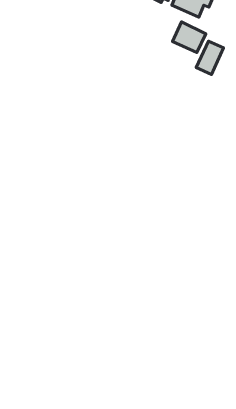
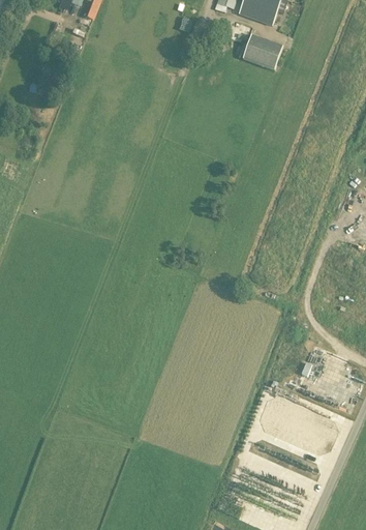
building: [196,41,223,75] -> none

